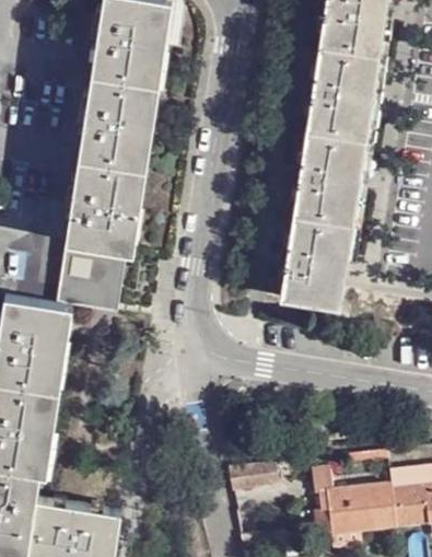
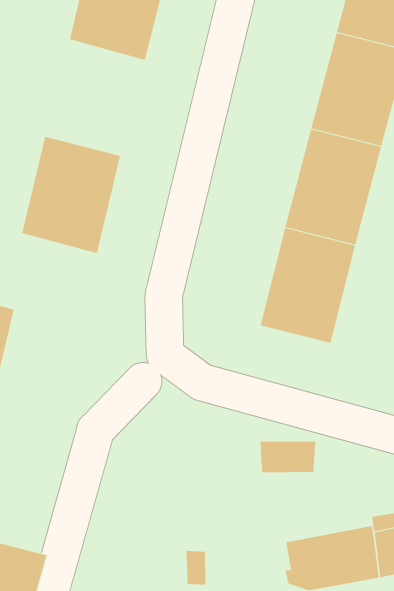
building: [79,81,157,175] -> none
building: [65,251,128,314] -> none
building: [229,457,278,489] -> [260,441,316,473]

